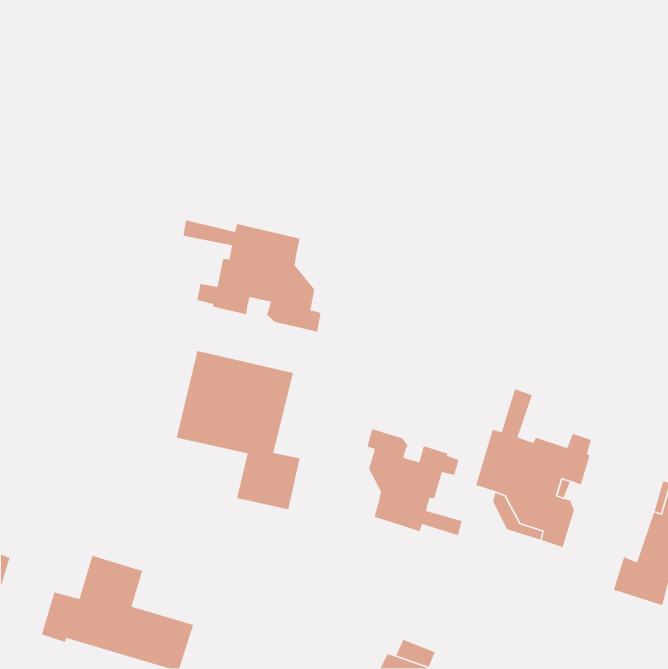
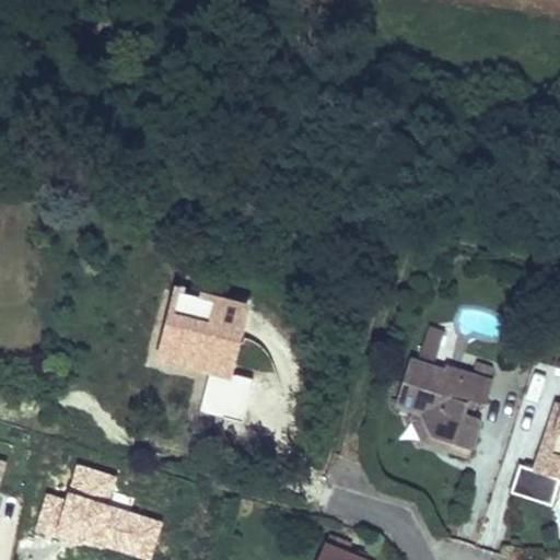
building: [183,220,321,332] -> none
building: [366,428,463,536] -> none

